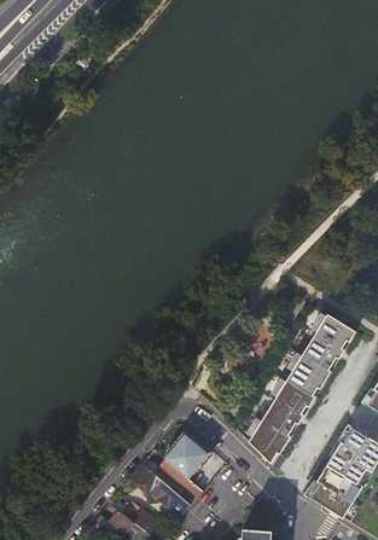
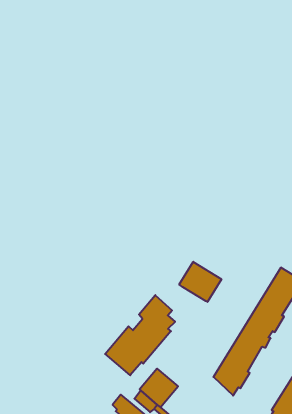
building: none -> [179,262,221,302]
building: none -> [105,295,175,375]

